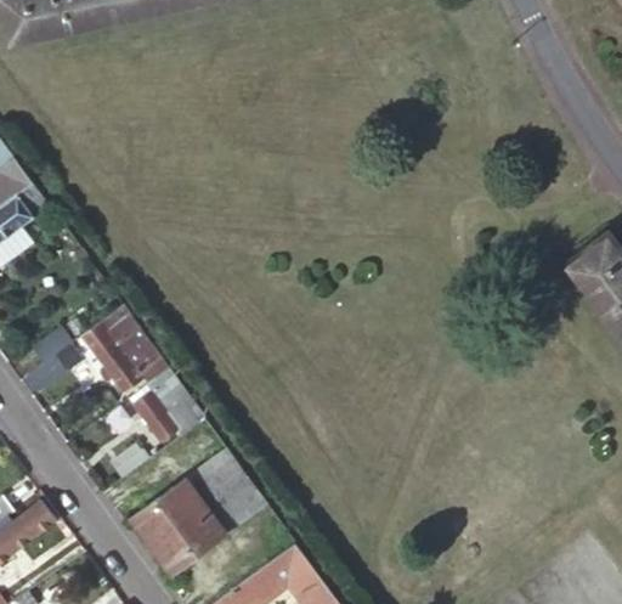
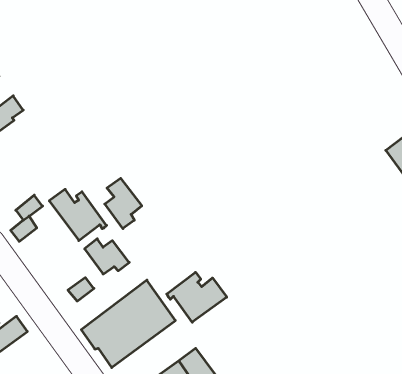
building: none -> [105,178,142,229]
building: none -> [167,272,227,322]

